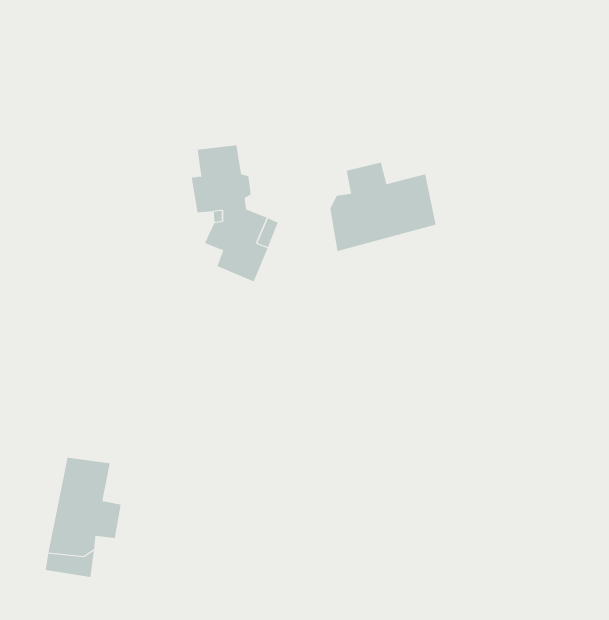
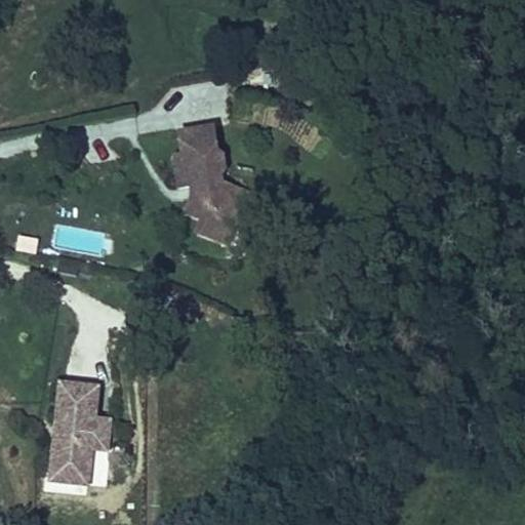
building: [330,162,436,252] -> none

